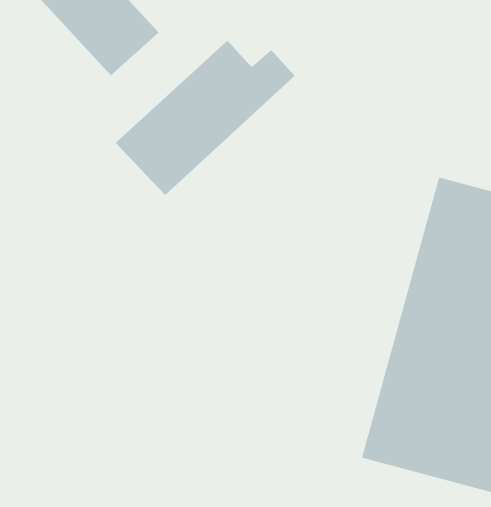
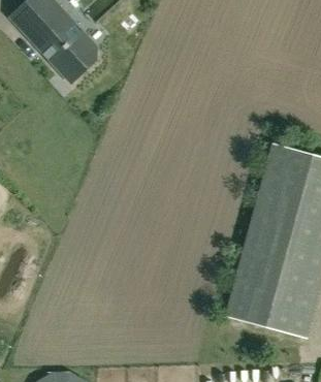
building: [115,40,296,196] -> none

